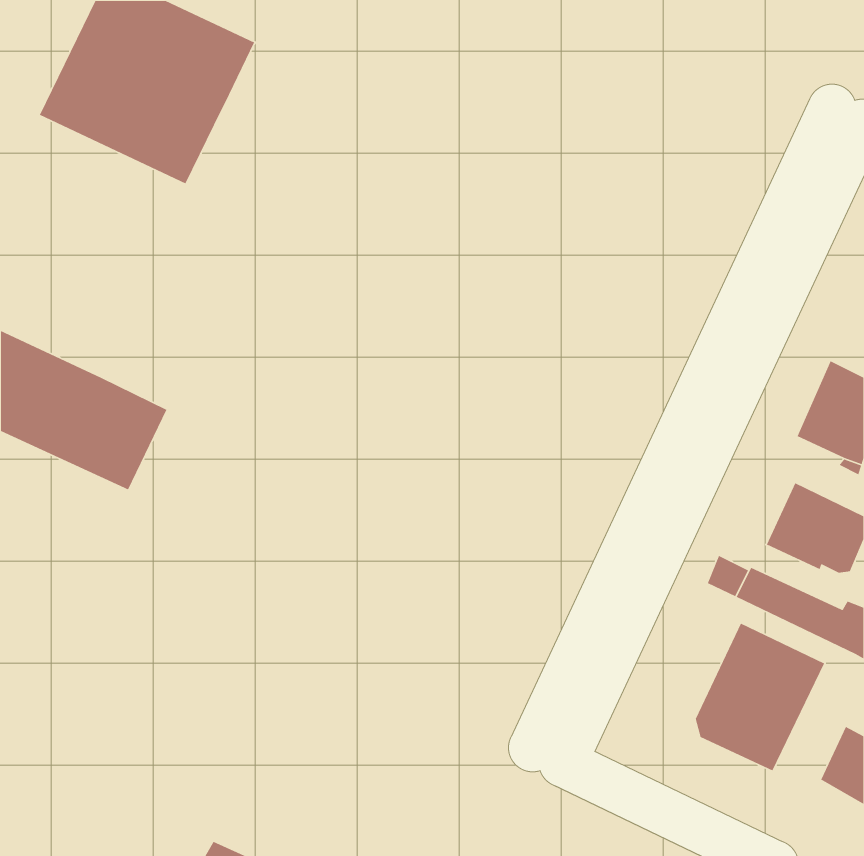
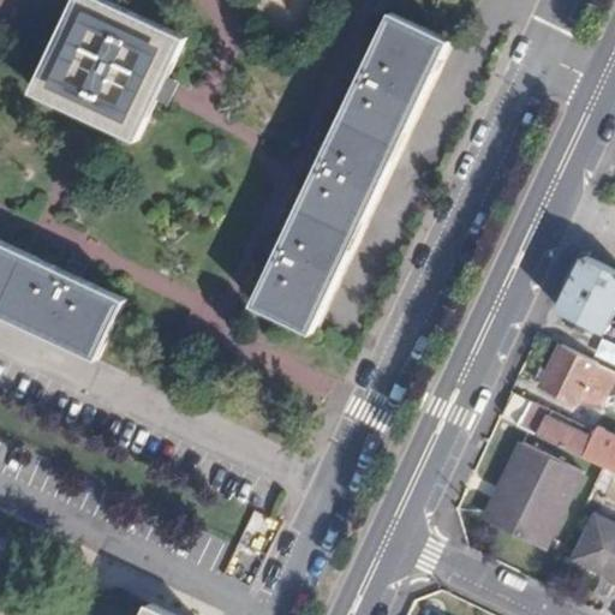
building: none -> [246,12,442,330]

